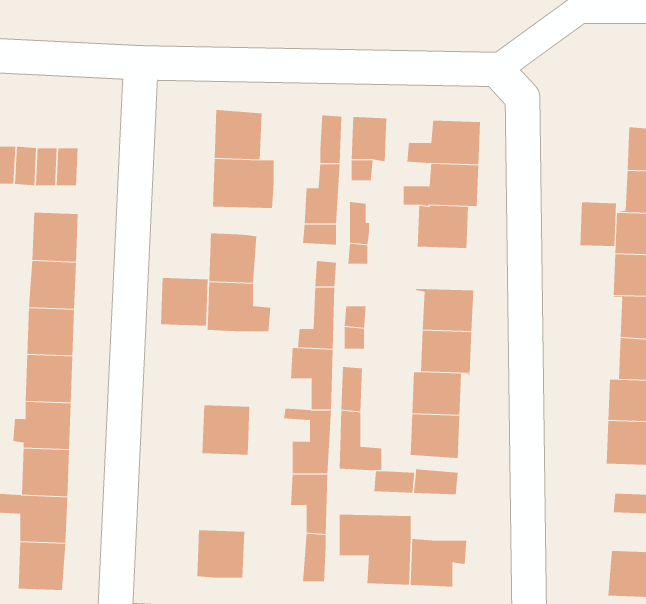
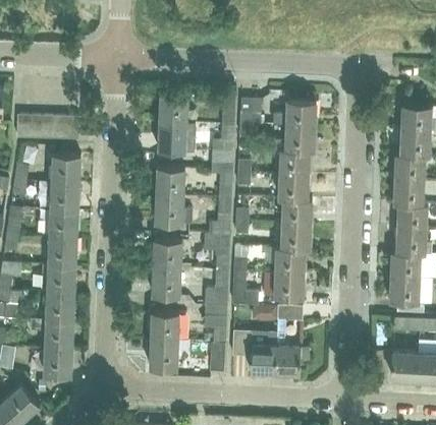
building: [580,202,616,247] -> none
building: none -> [277,175,312,200]
building: [160,277,209,326] -> [153,240,181,268]
building: none -> [150,312,178,342]

